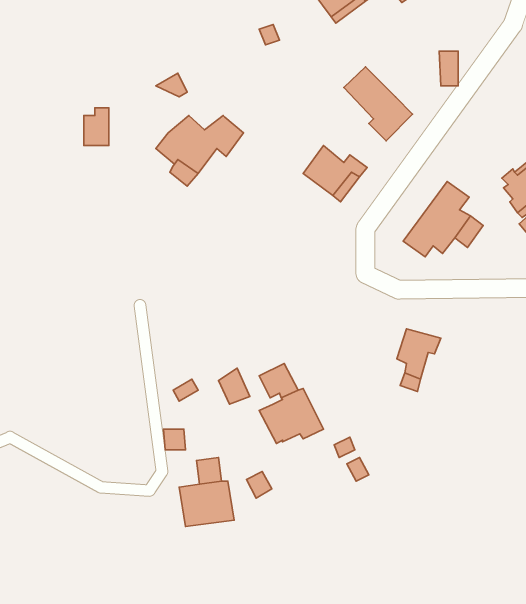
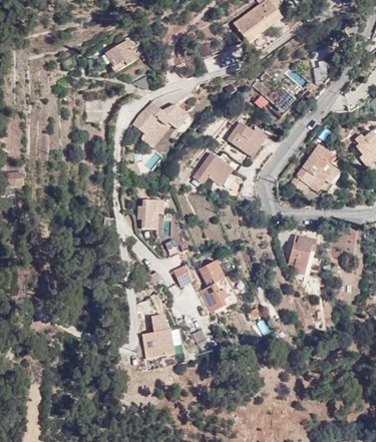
building: none -> [104,39,135,71]
building: none -> [192,152,231,183]
building: none -> [134,199,161,229]

